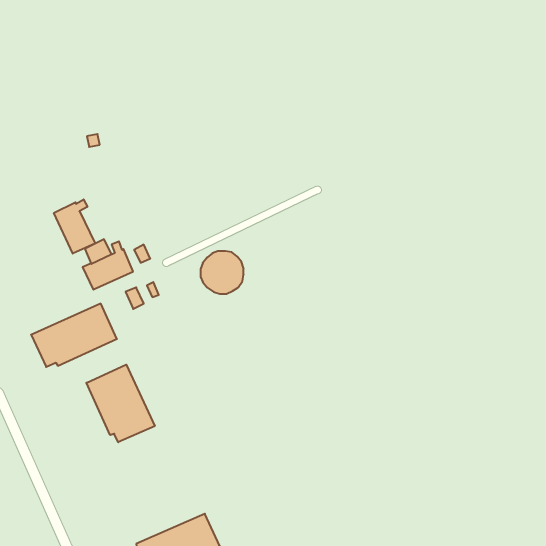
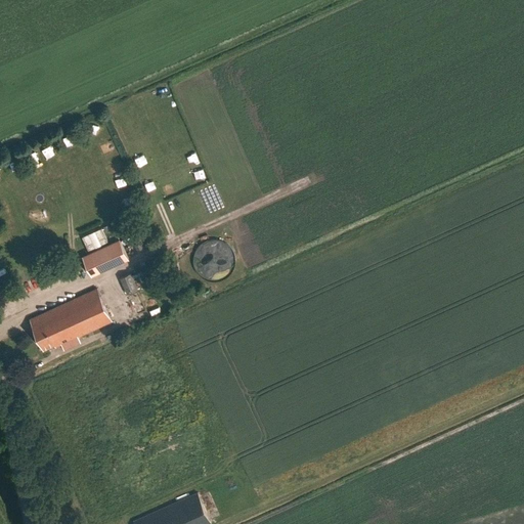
building: [54,199,95,254] -> none
building: [86,365,155,442] -> none

